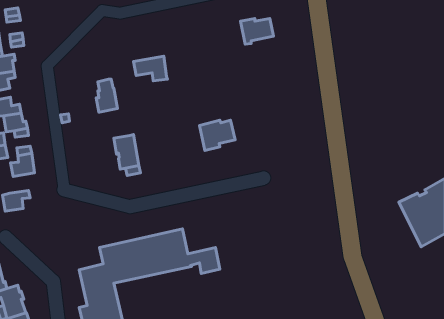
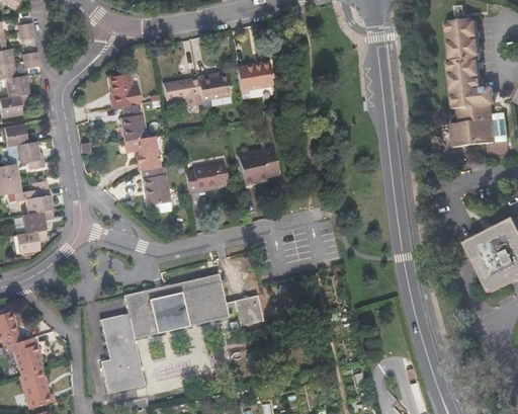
building: none -> [445,18,496,147]
building: [241,18,274,44] -> [237,64,274,93]
building: none -> [109,73,136,108]
building: none -> [197,74,232,100]
building: none -> [125,136,160,170]
building: none -> [185,162,228,193]
building: none -> [21,210,53,233]

